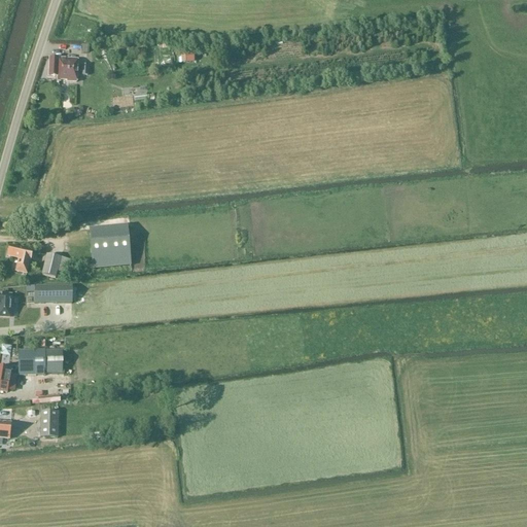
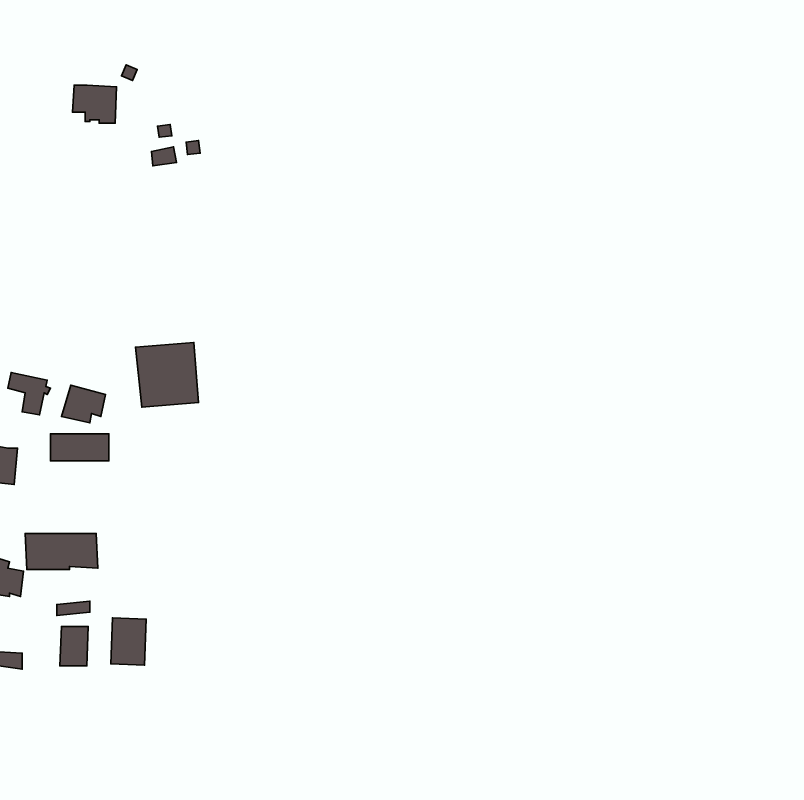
building: none -> [111,618,146,665]

